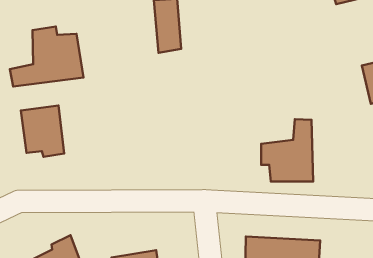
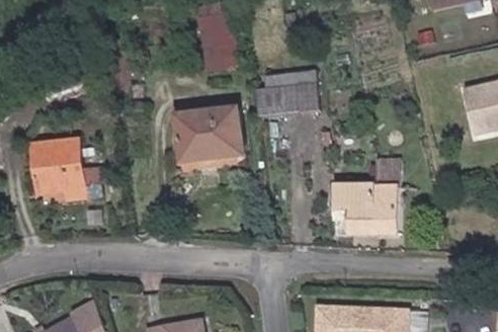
building: [10,27,83,87] -> none
building: none -> [255,69,321,116]
building: none -> [172,106,245,163]

